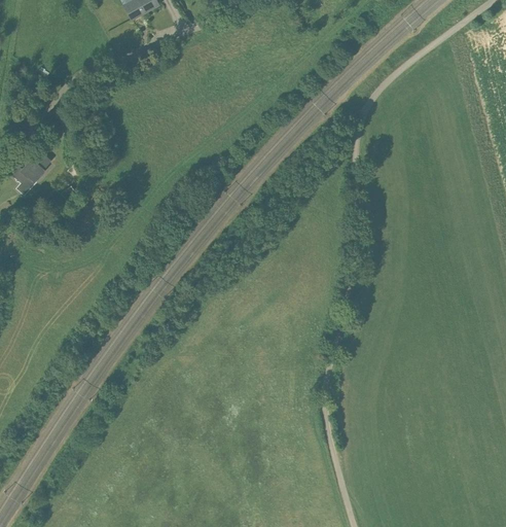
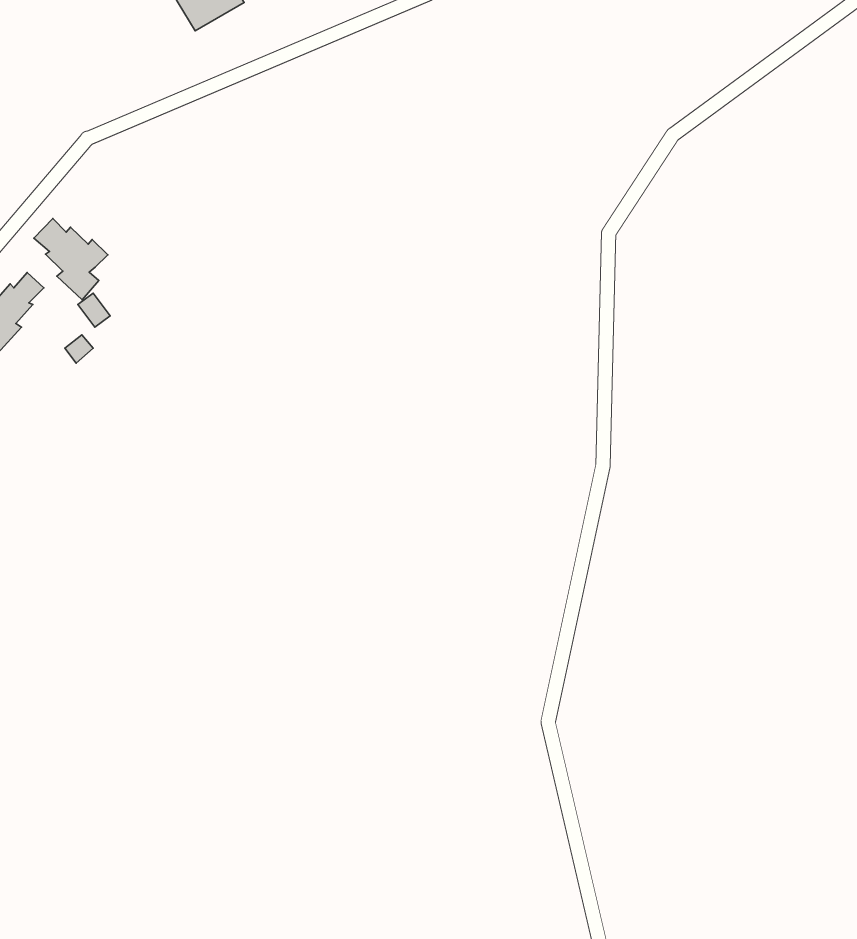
building: none -> [34,219,108,300]

